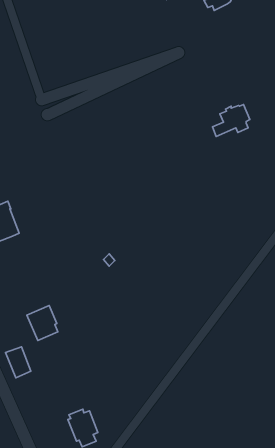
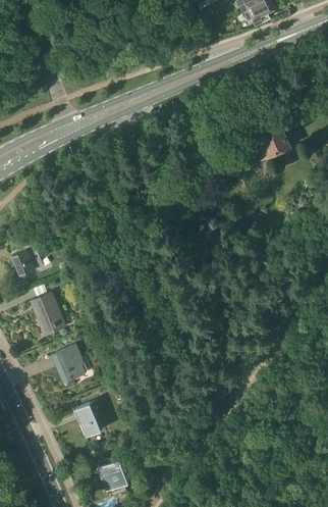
building: none -> [34,293,64,335]
building: [5,347,31,378] -> [74,403,102,437]

